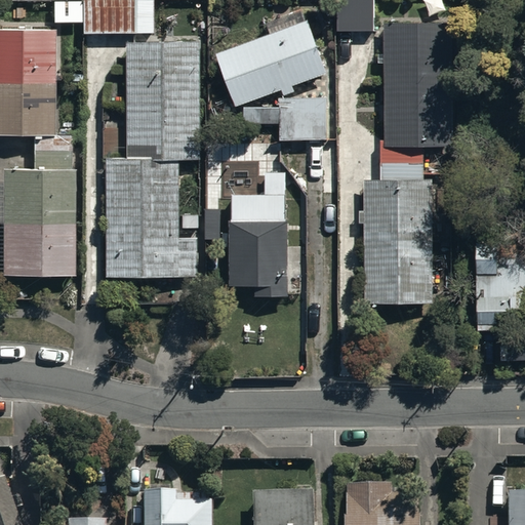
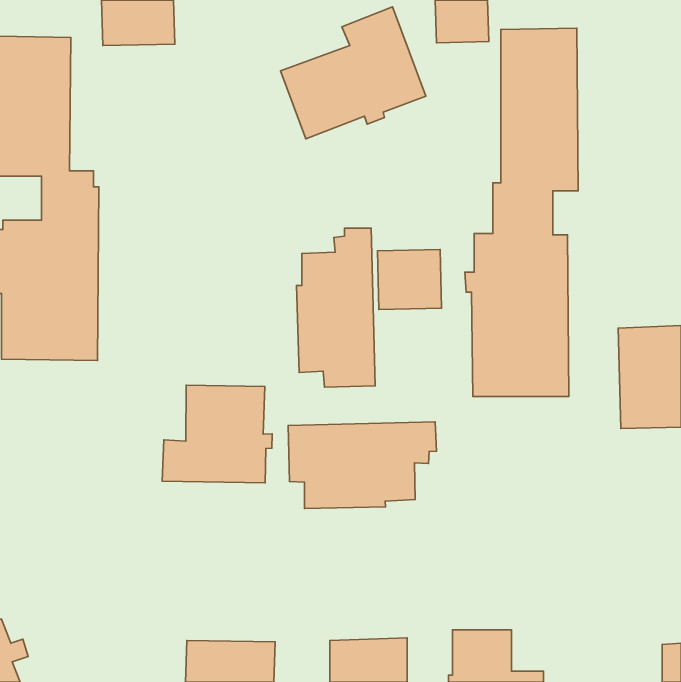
building: [106,40,203,277] -> none
building: [278,96,327,143] -> [378,249,442,309]
building: none -> [162,385,272,483]
building: none -> [288,422,436,508]

